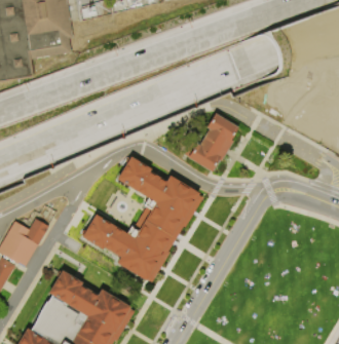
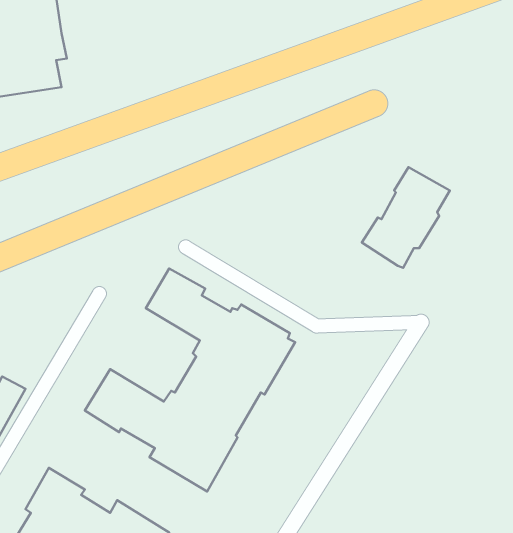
building: [189,114,239,171] -> [362,167,450,268]

